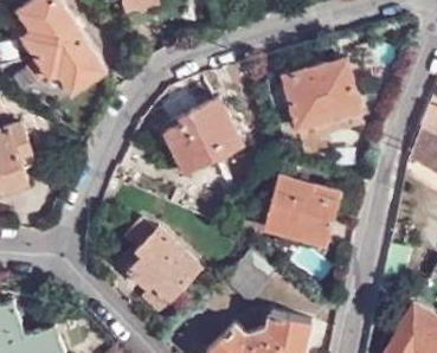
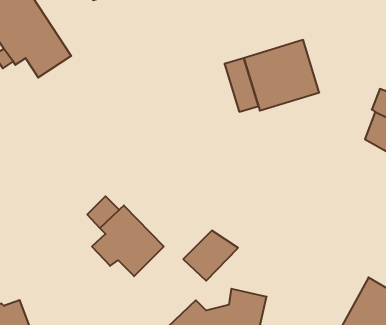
building: [158,101,239,175] -> none
building: [265,178,336,248] -> none

